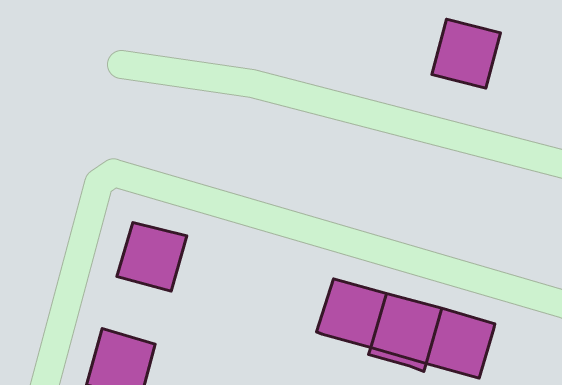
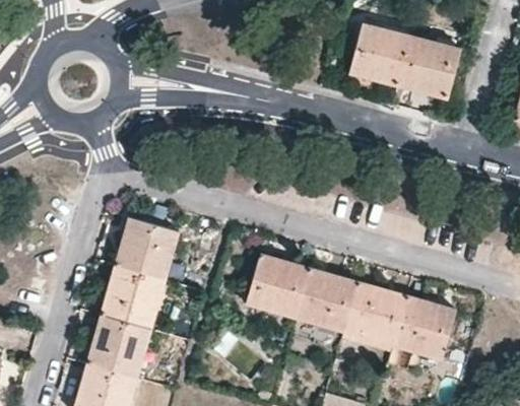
building: none -> [349,23,411,85]
building: none -> [246,255,310,317]
building: none -> [102,267,164,328]

